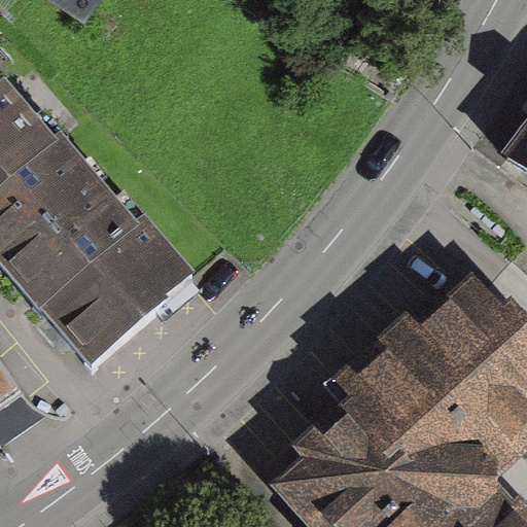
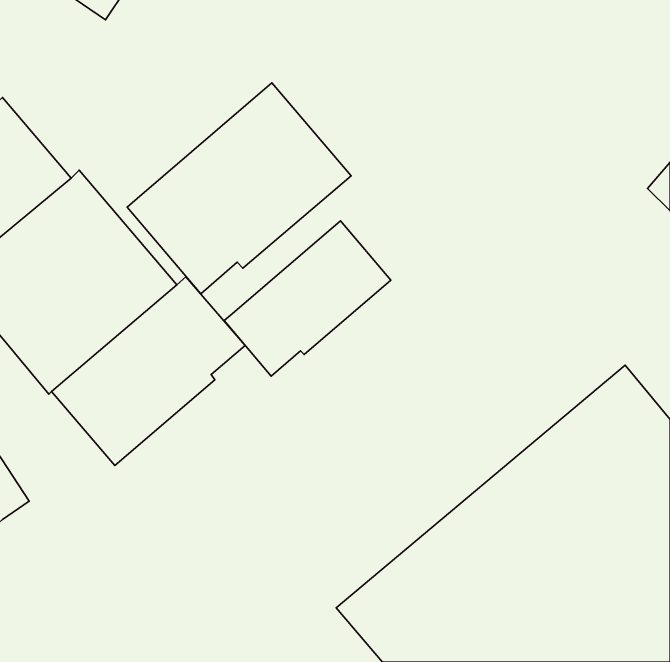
building: none -> [127,83,351,294]
building: none -> [224,221,391,376]

